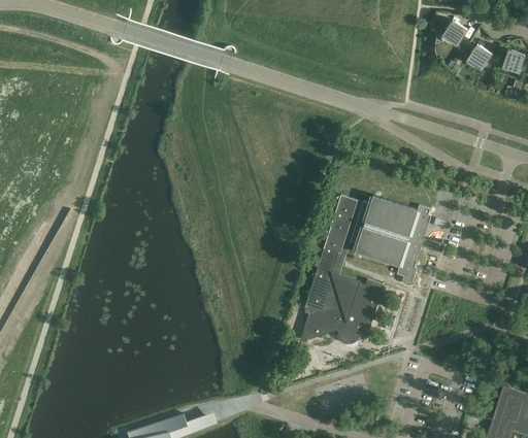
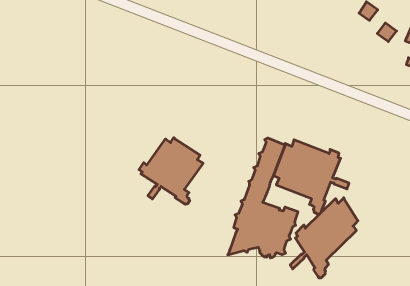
building: none -> [139,138,203,204]
building: none -> [290,198,358,278]

